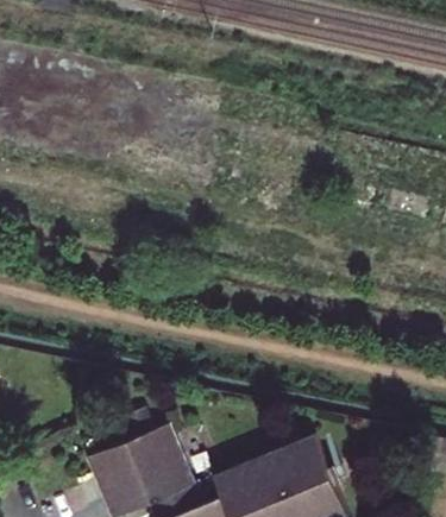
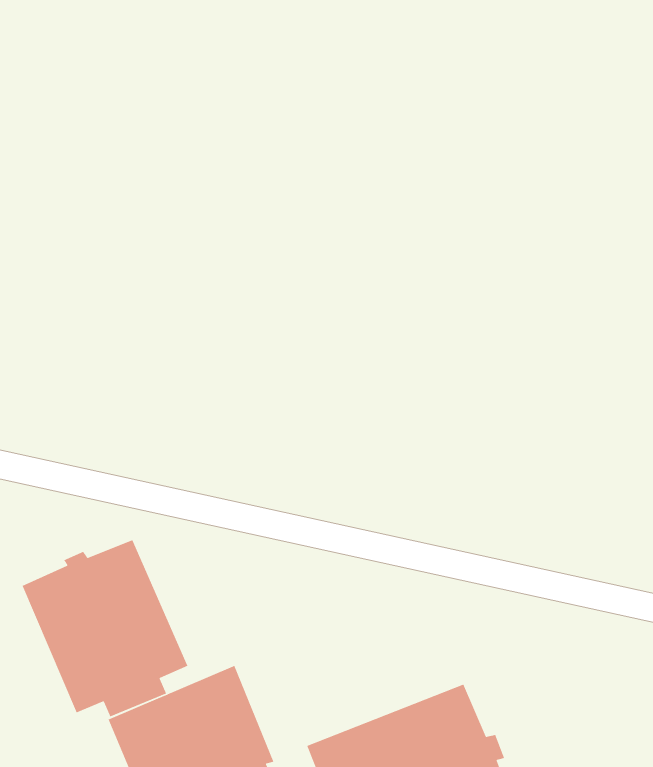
building: none -> [22,539,189,718]

